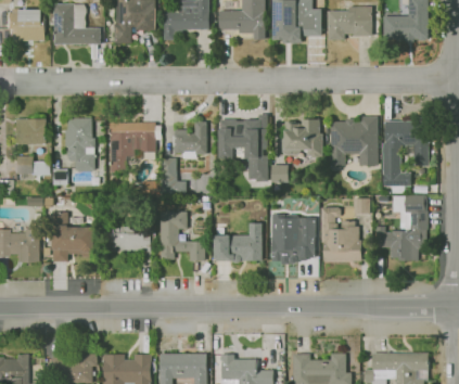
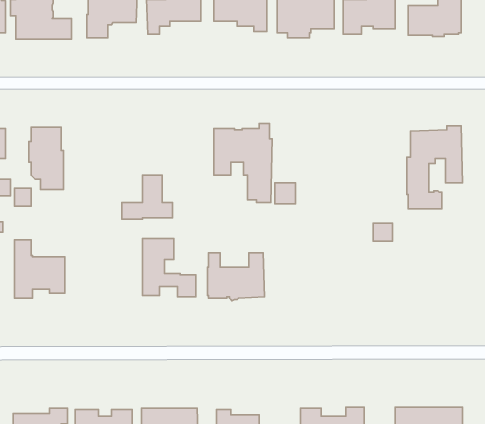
building: [330,117,379,166] -> none
building: [282,119,322,158] -> none
building: [173,121,207,158] -> none
building: [109,123,161,171] -> none
building: [377,195,428,261] -> none
building: [321,207,361,260] -> none
building: [271,214,316,265] -> none
building: [104,227,151,264] -> none

